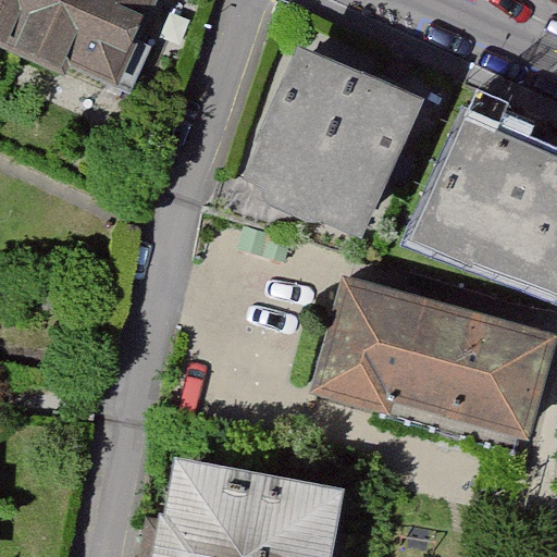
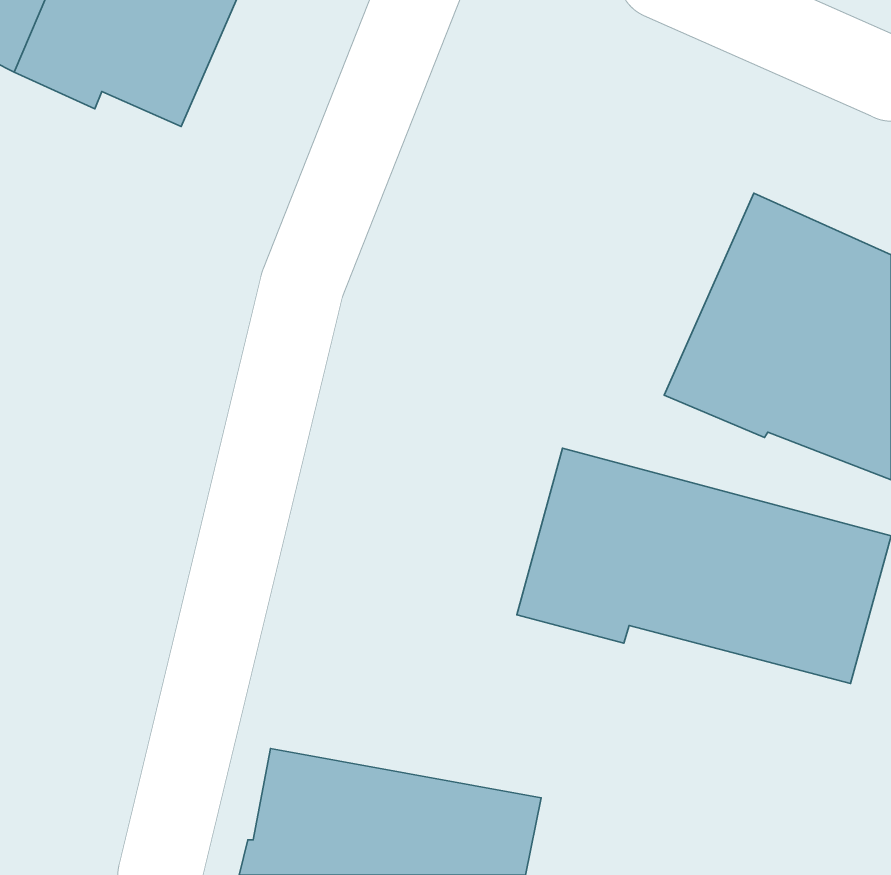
building: [243,49,423,243] -> none

